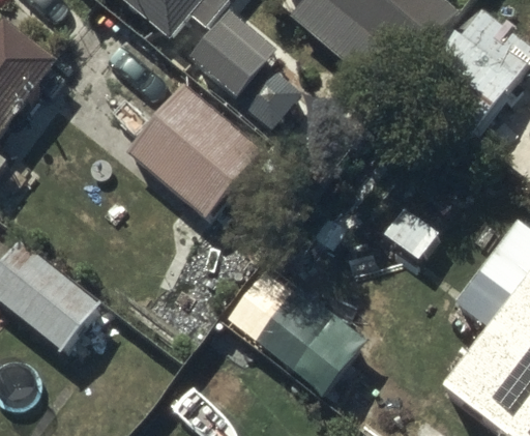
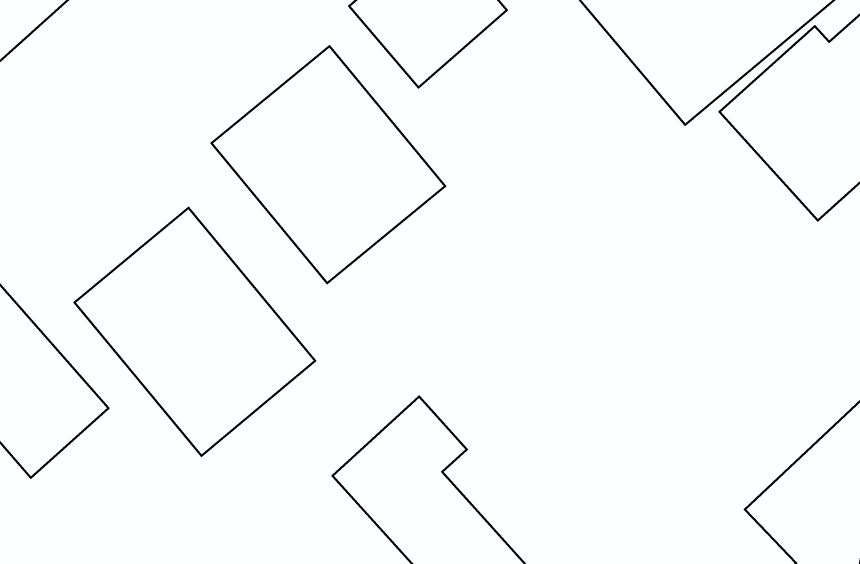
building: none -> [75,208,315,456]

